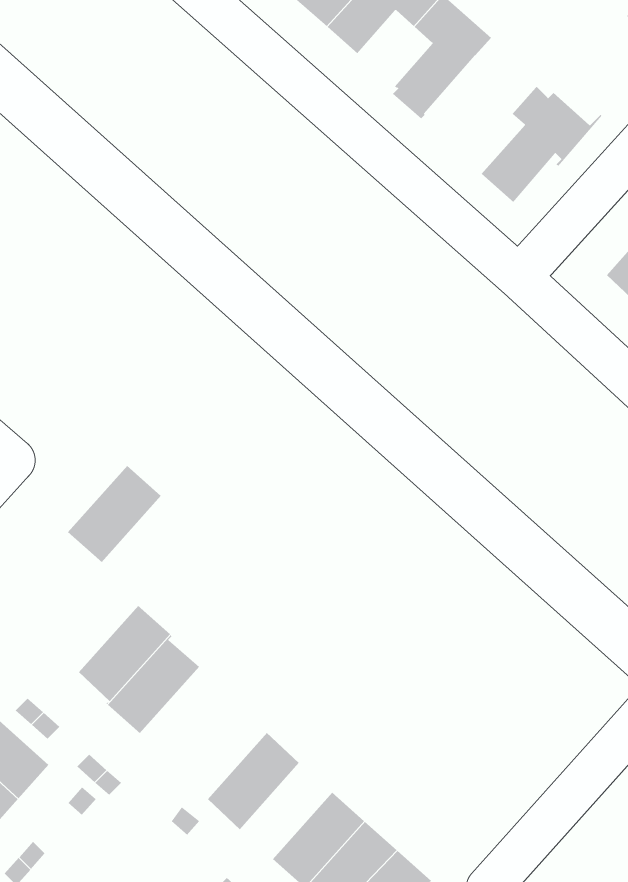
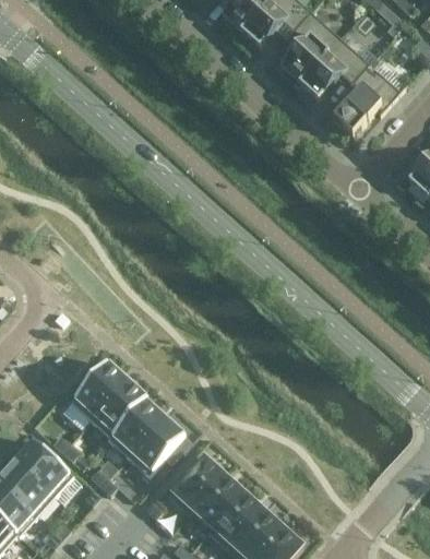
building: none -> [299,36,369,98]
building: [67,465,162,563] -> [70,359,127,418]
building: none -> [128,415,184,474]
building: none -> [188,473,243,531]

